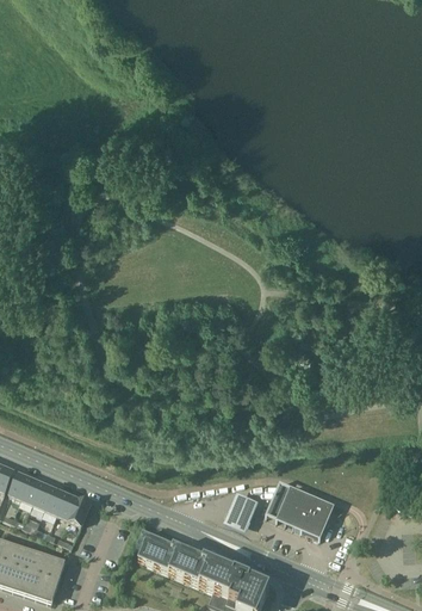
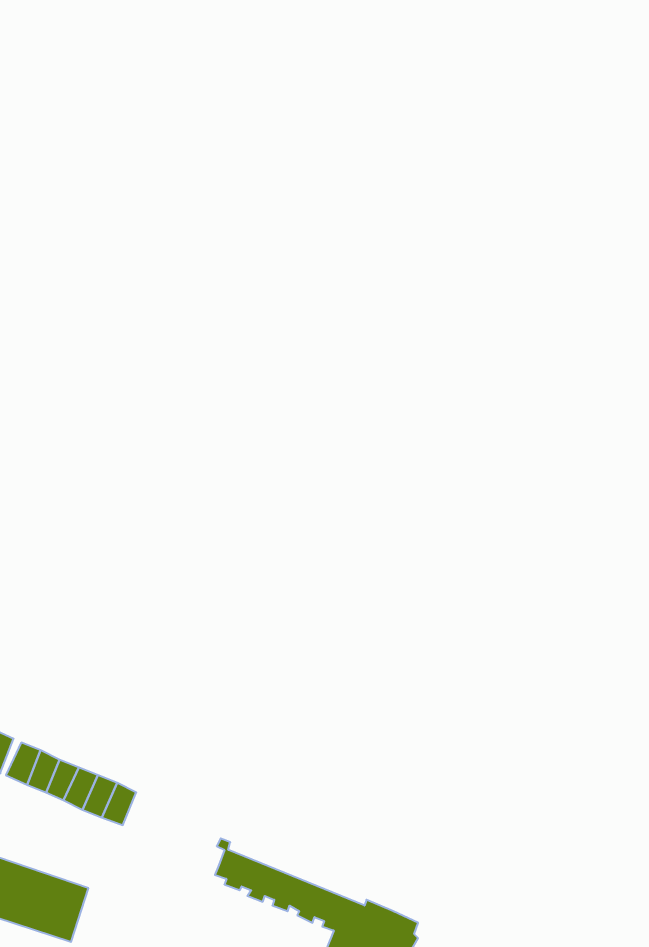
building: [267,480,336,537] -> none
building: [224,492,261,532] -> none

